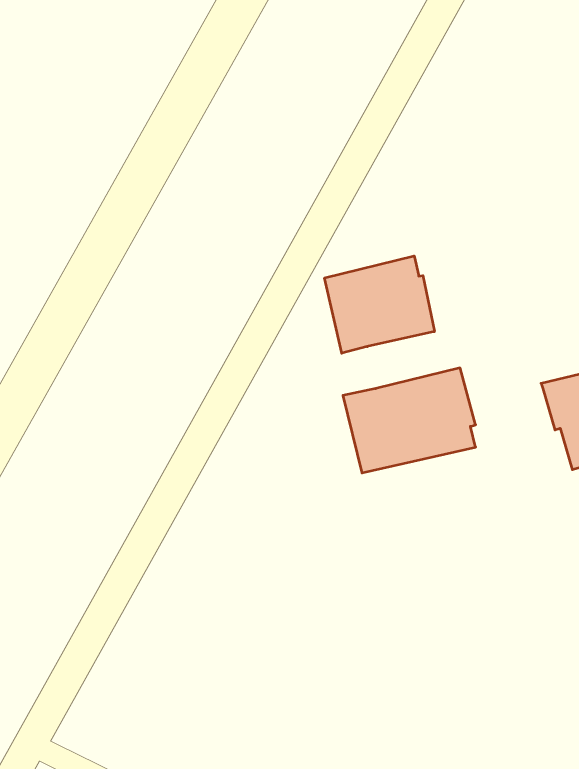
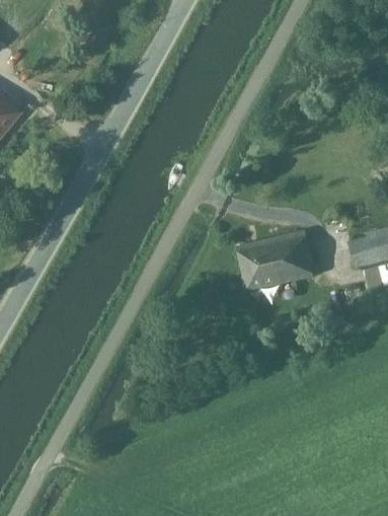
building: [325,256,434,353] -> none

